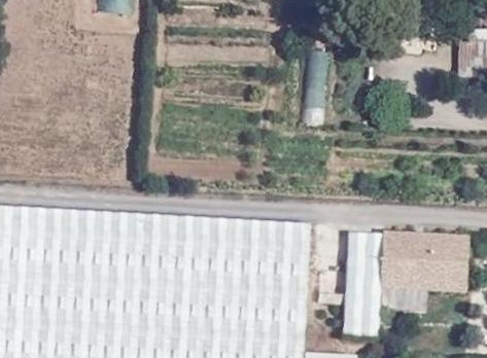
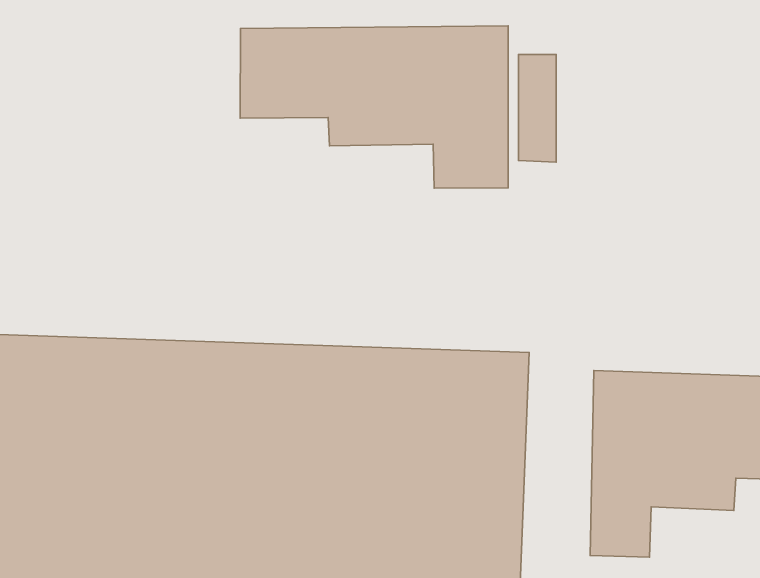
building: none -> [240,26,508,188]

